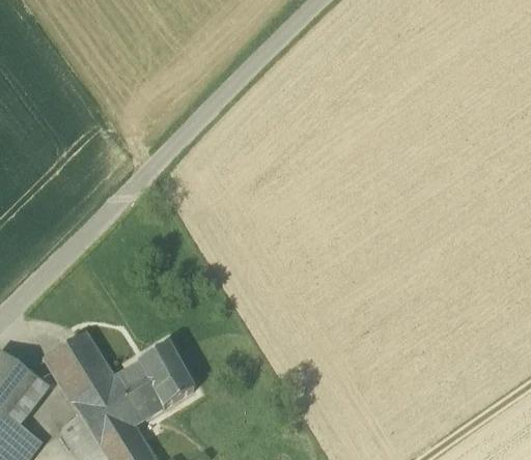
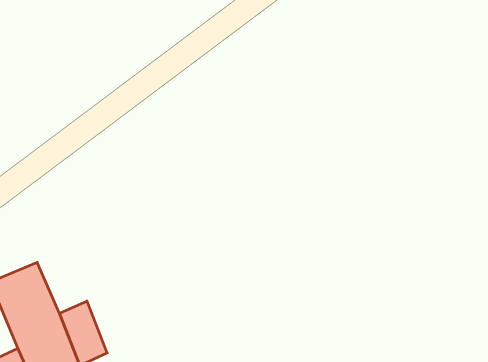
building: [138,344,194,407] -> none

